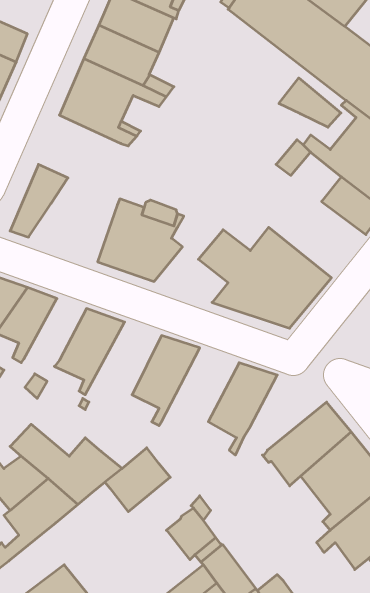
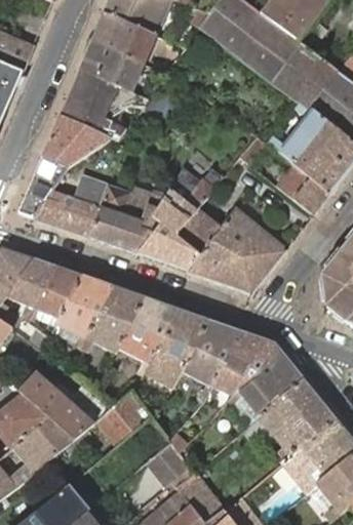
building: [279,78,341,127] -> none
building: none -> [42,114,111,166]
building: none -> [139,172,214,270]
building: none -> [34,186,108,236]
building: none -> [30,267,82,320]
building: none -> [81,286,145,351]
building: none -> [145,308,209,386]
building: none -> [213,330,282,393]

